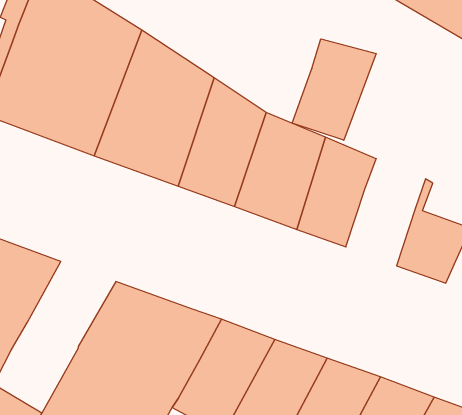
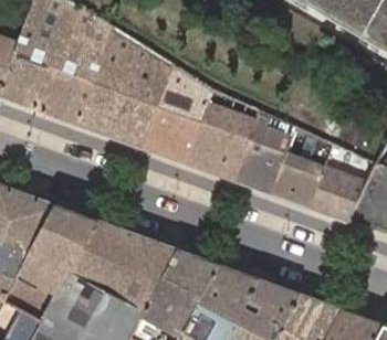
building: [292,39,376,140] -> none
building: none -> [272,150,325,209]
building: none -> [17,205,96,294]

